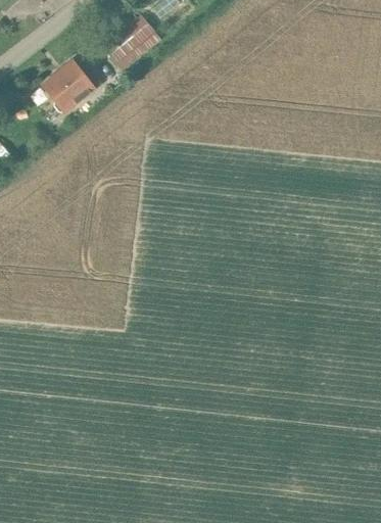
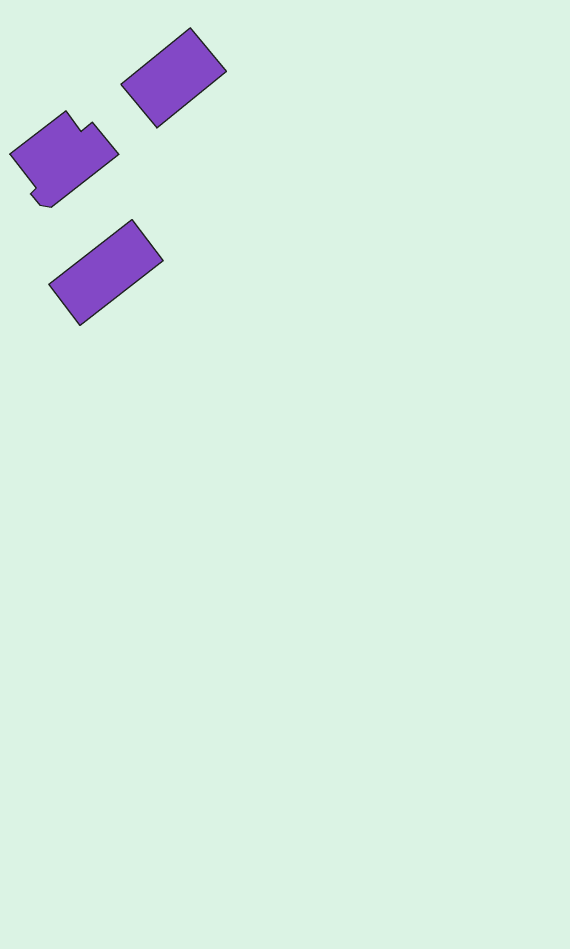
building: none -> [49,220,163,325]

